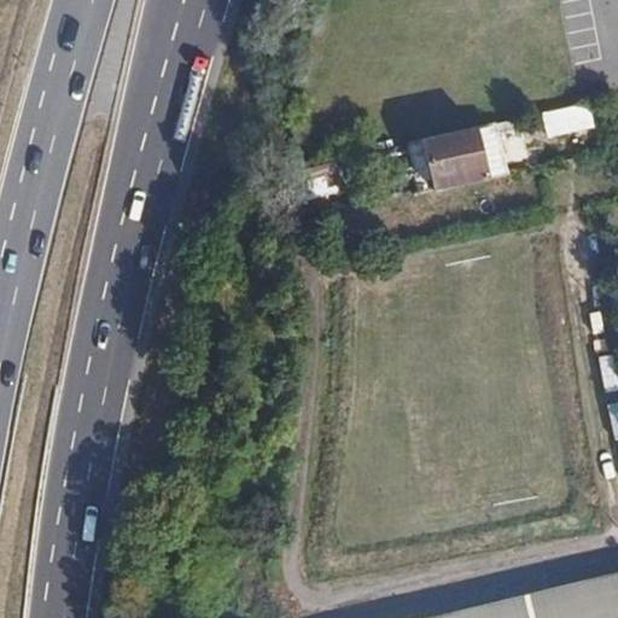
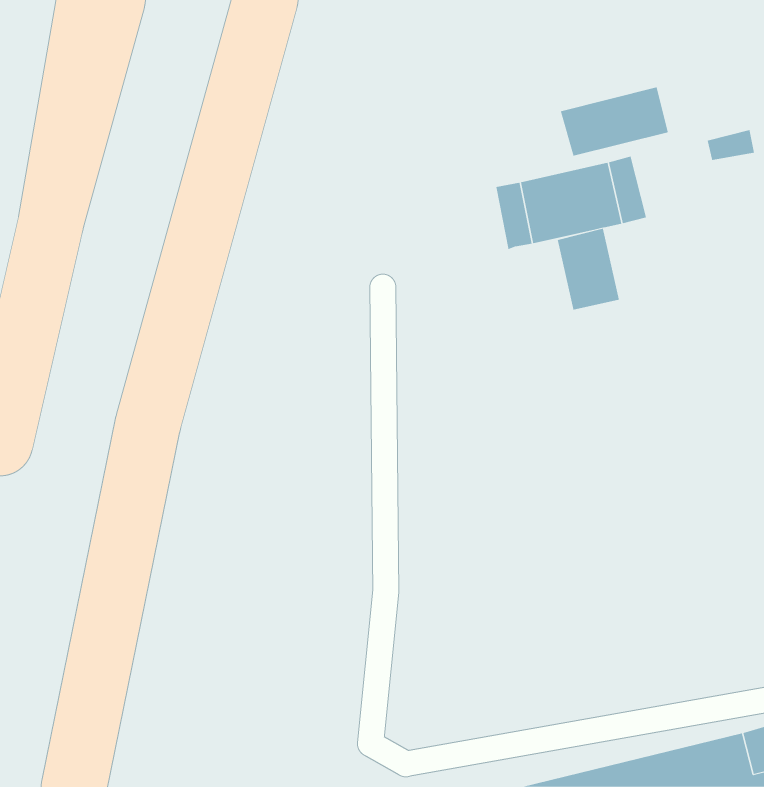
building: none -> [560,86,669,157]
building: none -> [557,228,620,311]

